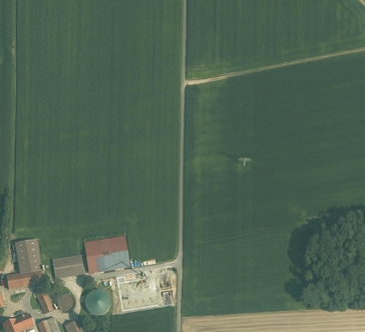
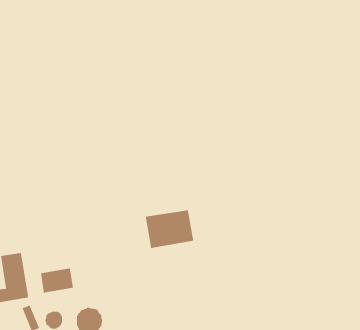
building: [83,236,128,272] -> [145,210,194,249]

